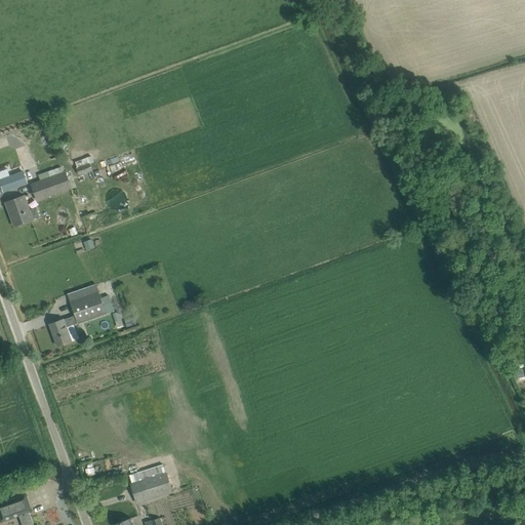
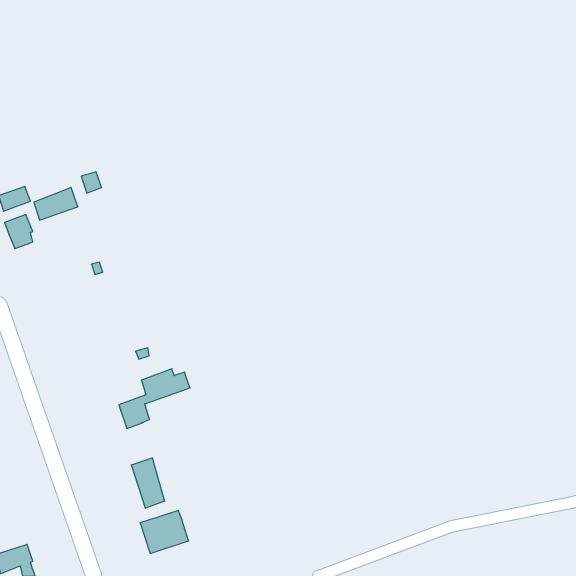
building: [49,291,114,346] -> [119,369,190,429]
building: none -> [131,458,165,508]

